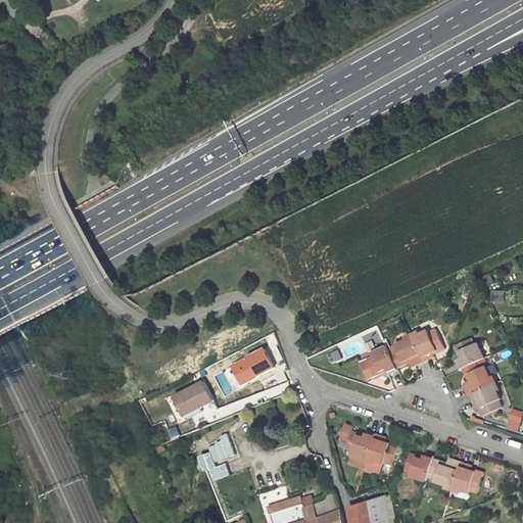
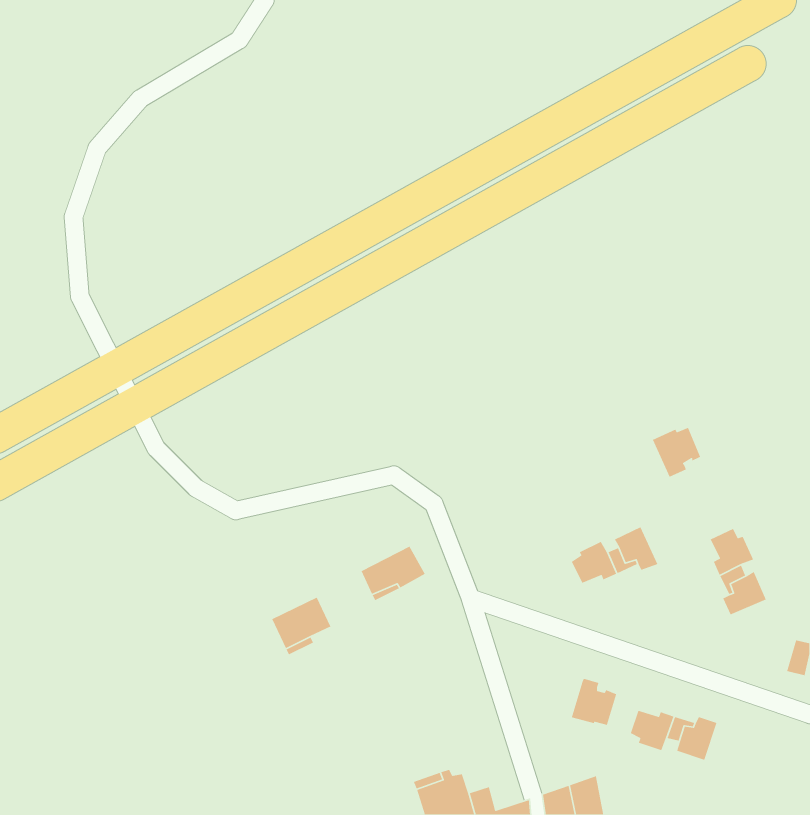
building: [411,329,442,362] -> [652,427,701,478]
building: [468,384,500,416] -> none
building: [338,425,373,460] -> none
building: [200,437,235,483] -> none
building: [451,463,481,492] -> none

